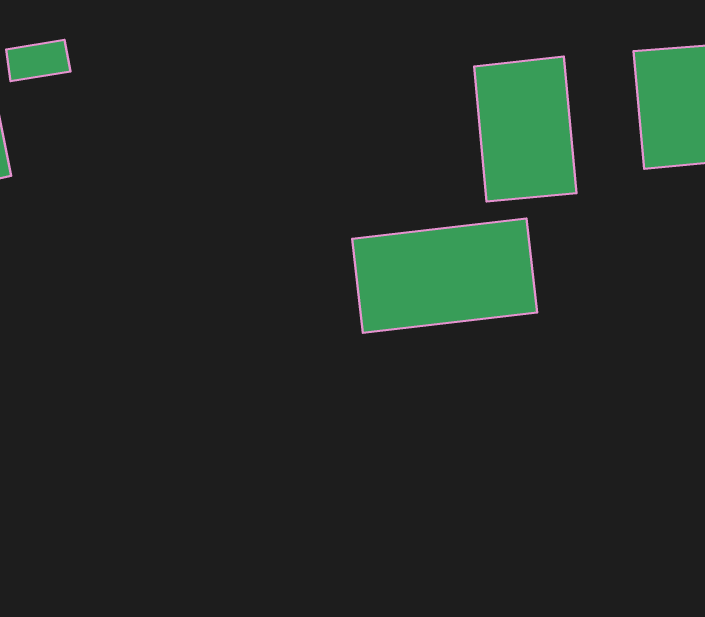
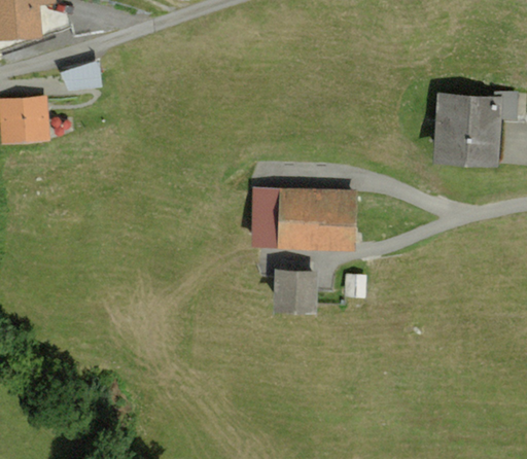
building: [474,56,577,201] -> none
building: none -> [276,273,324,308]

